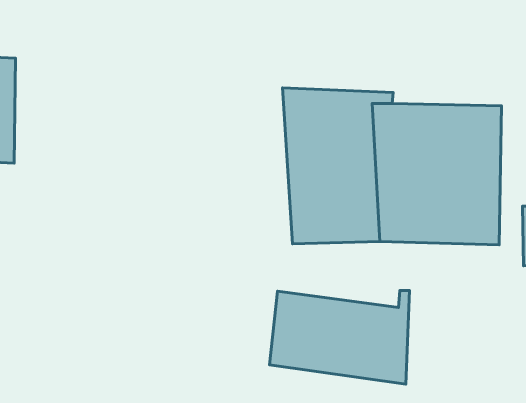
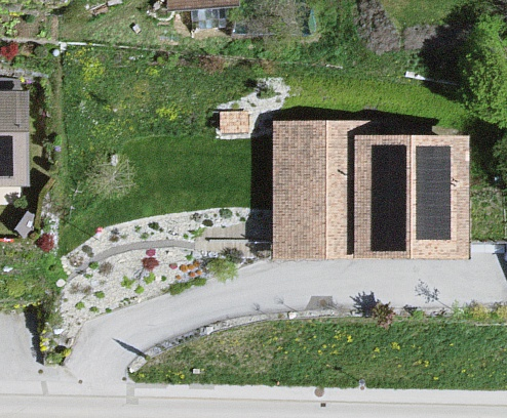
building: [270,290,410,384] -> none

